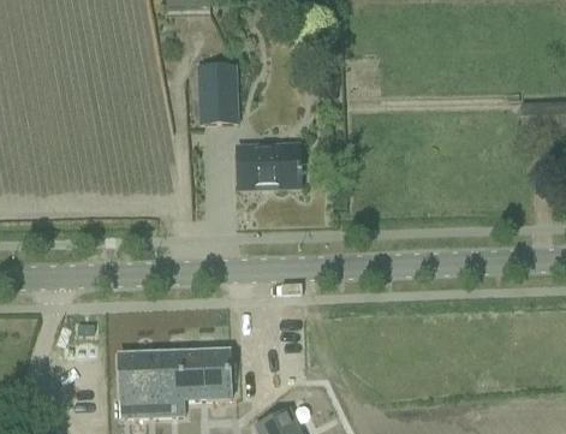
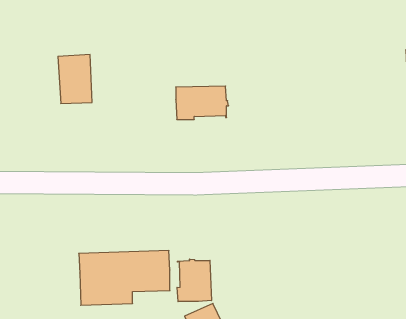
building: [198,60,240,120] -> [58,55,92,103]
building: none -> [177,259,211,302]

